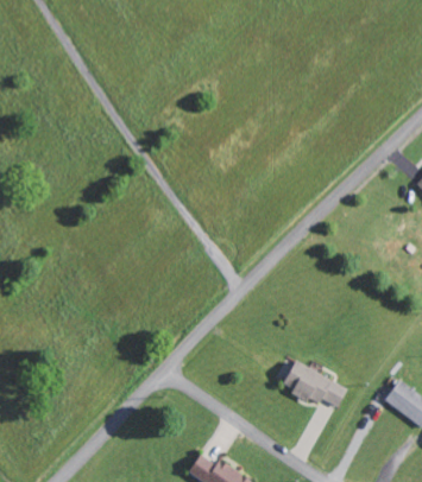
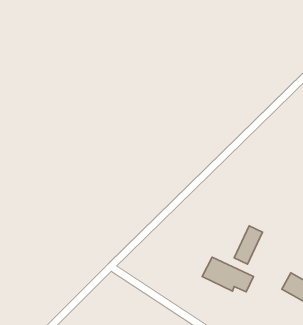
building: none -> [234,226,263,264]

